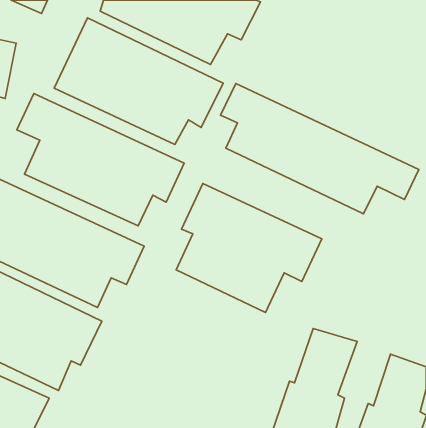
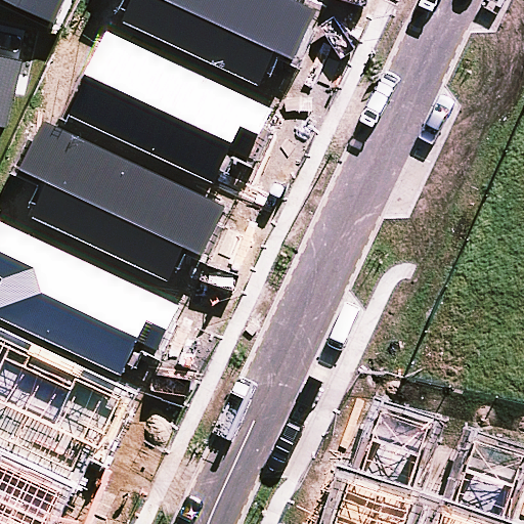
building: [221,83,419,214] -> none
building: [176,184,322,312] -> none

